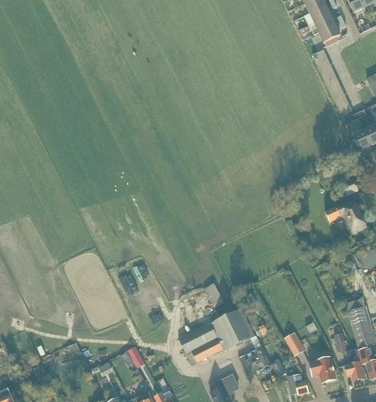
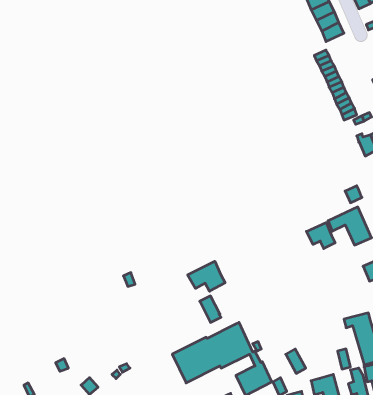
building: none -> [306,223,335,249]
building: none -> [188,261,225,291]

